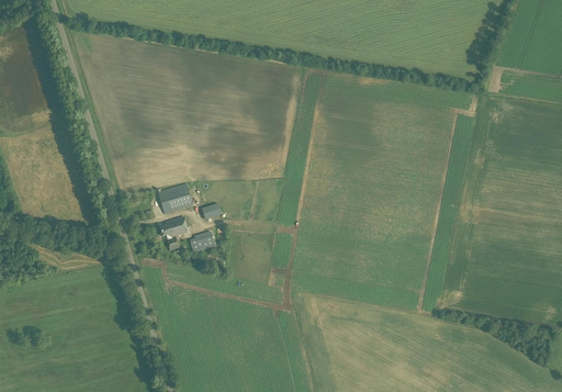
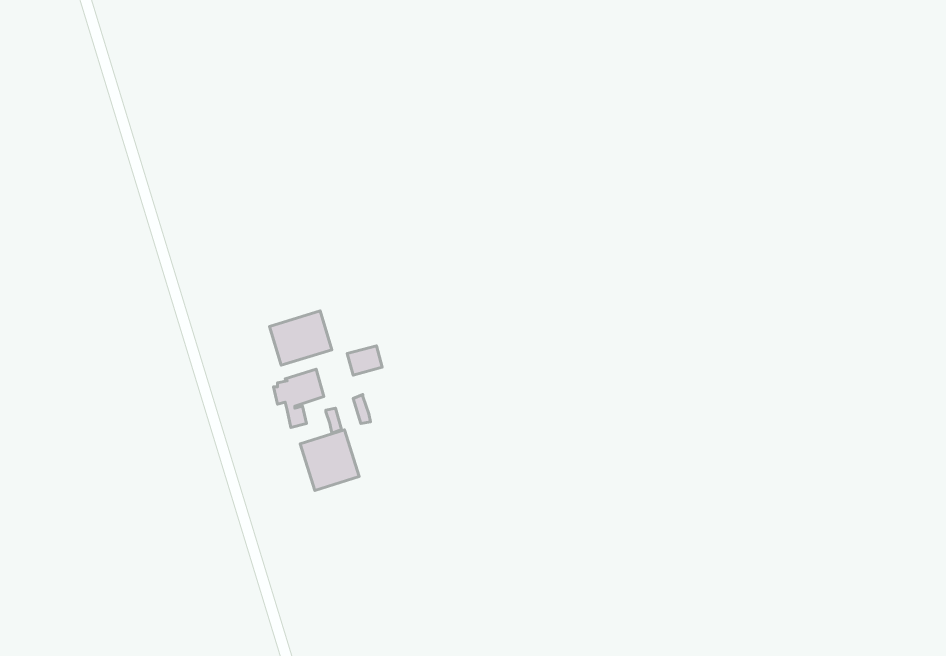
building: none -> [300,430,359,490]

